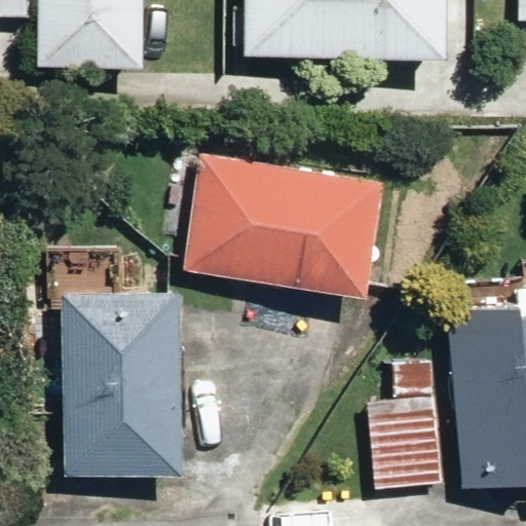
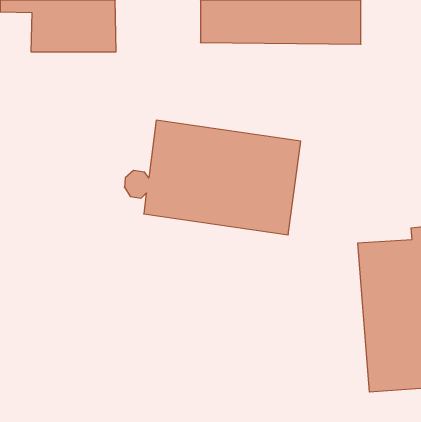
building: [61,287,179,474] -> none
building: [369,360,443,488] -> none

